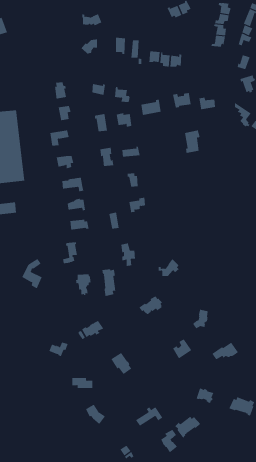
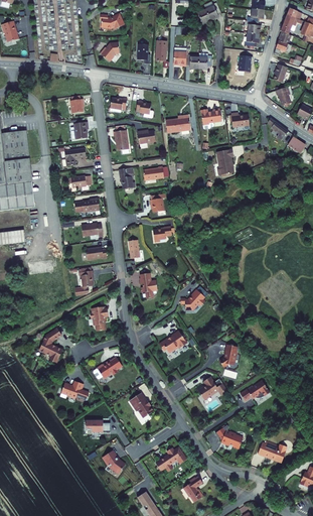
building: [22,258,42,289] -> [40,329,63,363]
building: [102,268,116,297] -> none
building: [175,416,201,438] -> none

